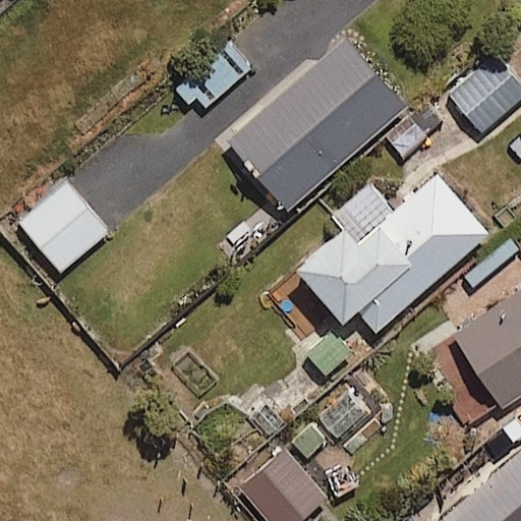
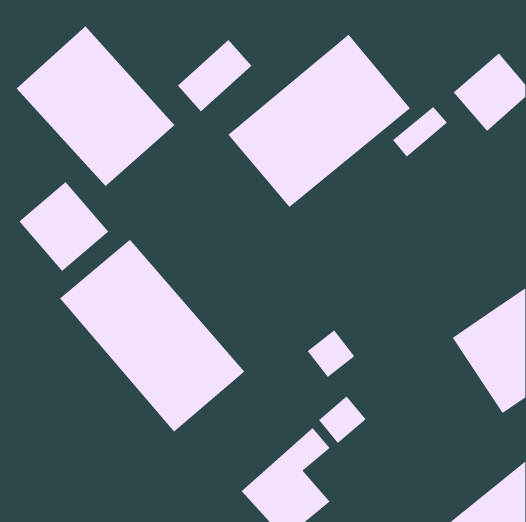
building: none -> [16,26,175,187]
building: [297,171,498,327] -> none
building: none -> [59,239,245,432]

